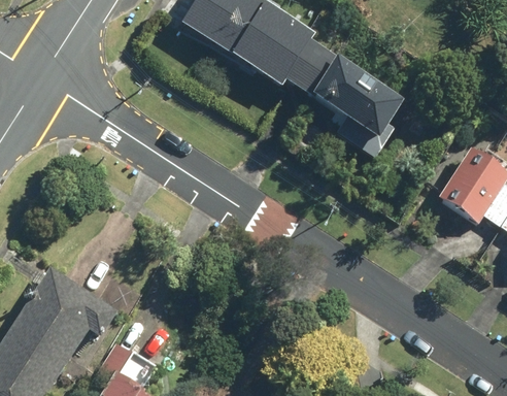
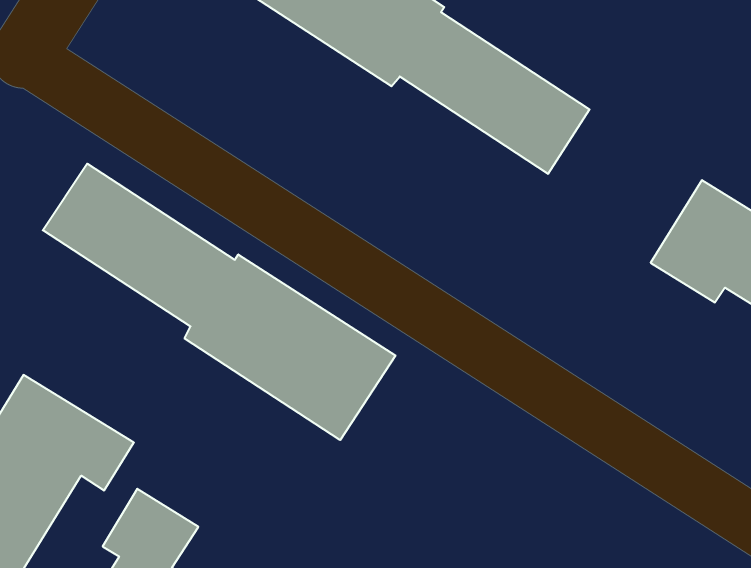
building: none -> [43,164,395,440]

